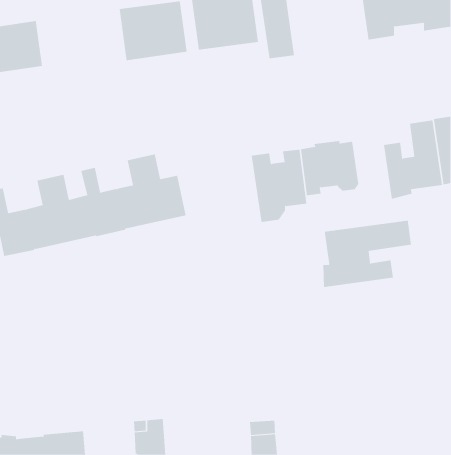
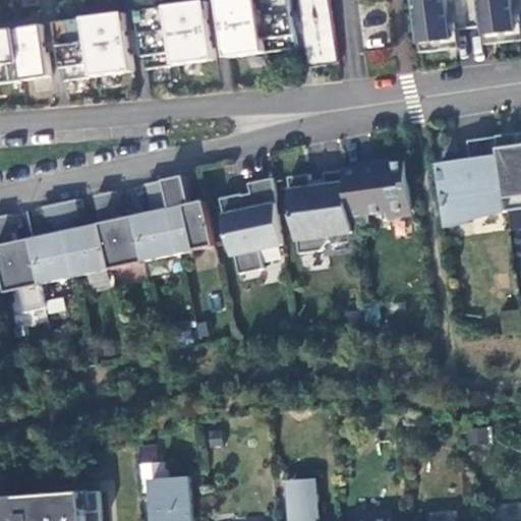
building: none -> [54,12,131,80]
building: none -> [218,178,280,274]
building: [323,220,412,288] -> none

